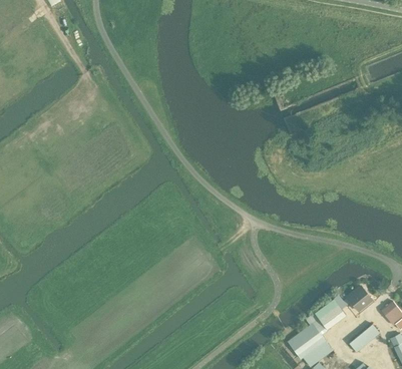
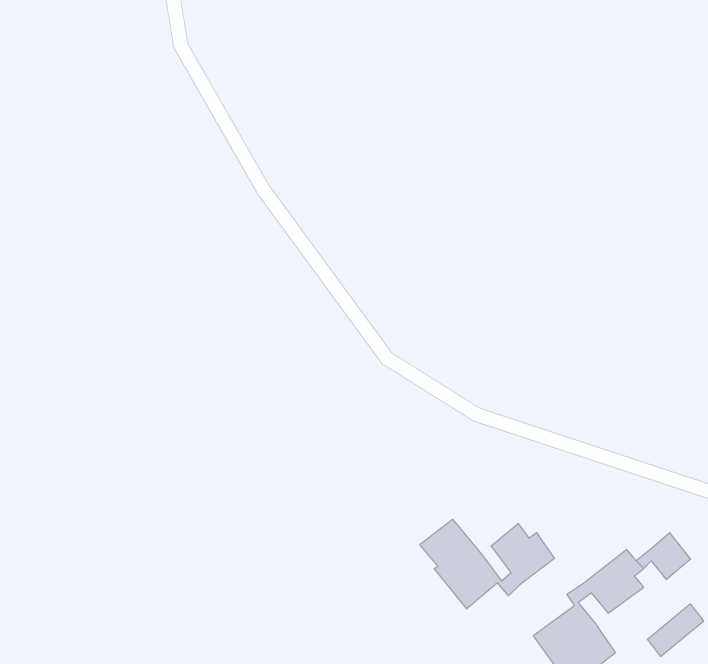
building: none -> [420,519,555,609]

